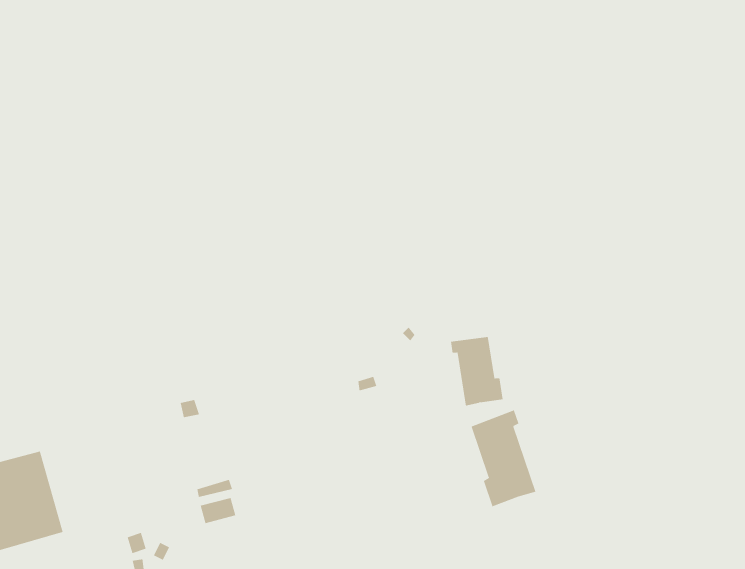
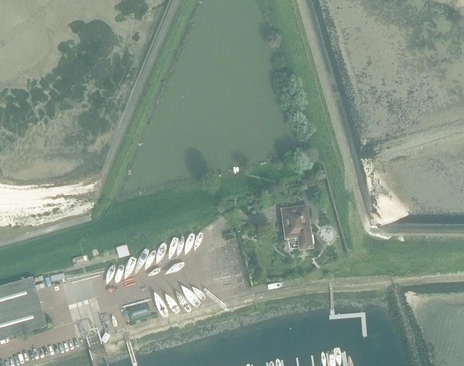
building: [471,409,536,507] -> none

